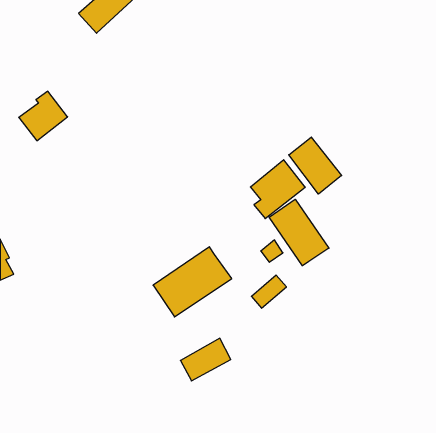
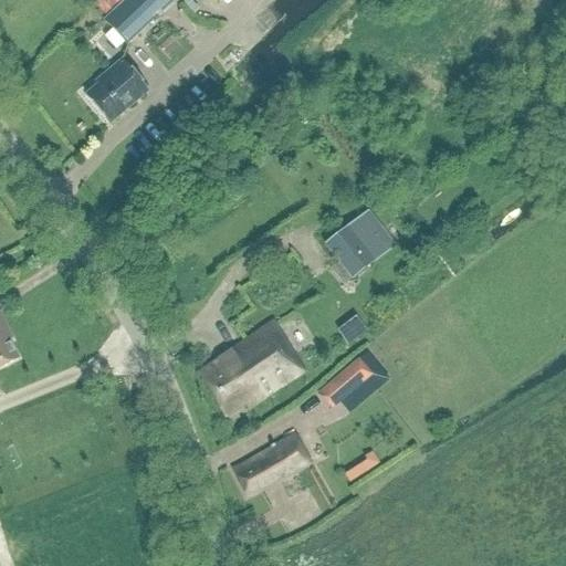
building: [19,91,68,141] -> [86,57,149,122]
building: [289,137,342,194] -> none
building: [269,199,329,266] -> none

